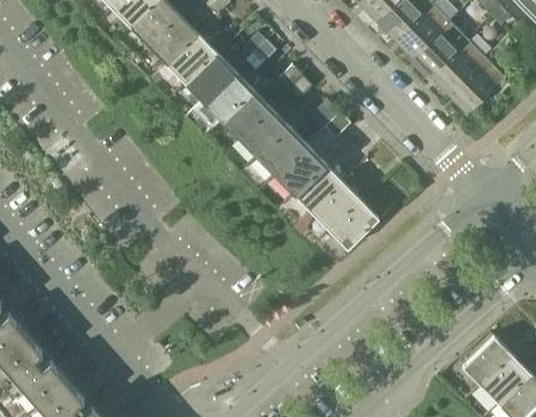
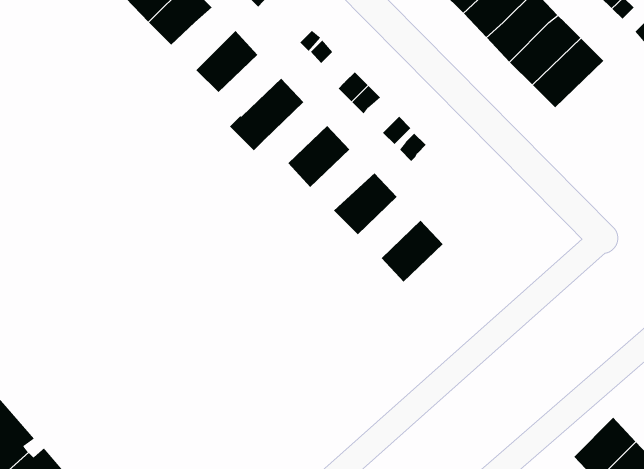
building: [149,15,199,64] -> none
building: [186,52,235,100] -> none
building: [448,57,510,114] -> none
building: [222,89,270,137] -> none
building: [257,126,307,174] -> none
building: [294,163,343,211] -> none
building: [330,200,379,249] -> none

